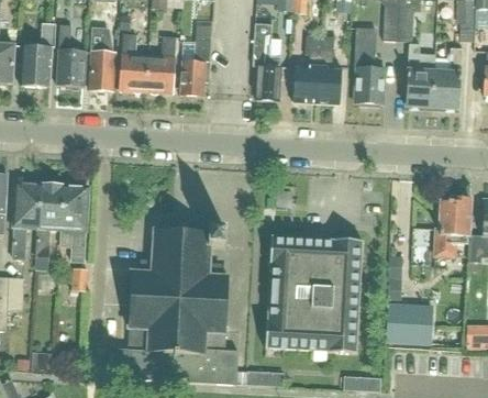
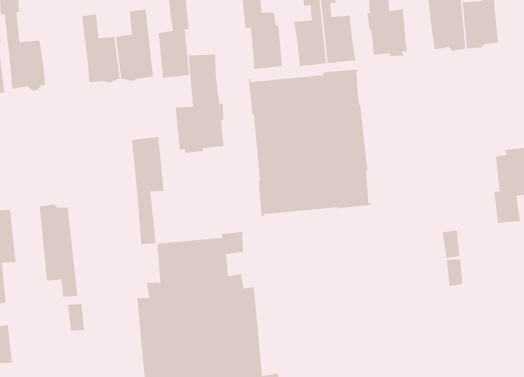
building: [88,32,115,89] -> none
building: none -> [175,54,224,154]
building: [34,180,64,268] -> [130,136,165,245]
building: [264,234,362,352] -> [248,69,372,217]
building: [389,302,435,344] -> none

